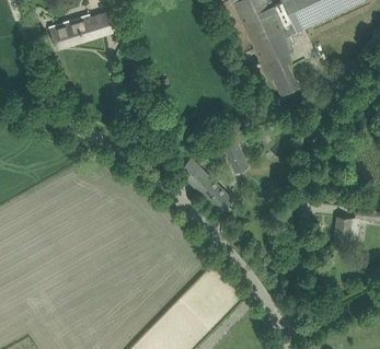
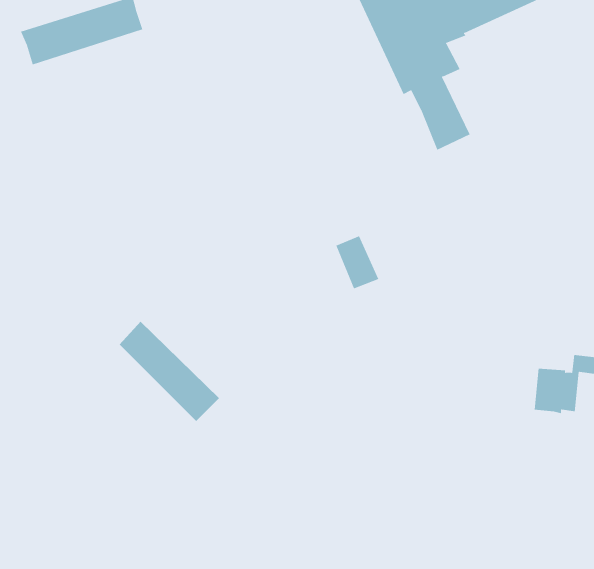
building: [177,156,233,212] -> [119,321,220,422]

